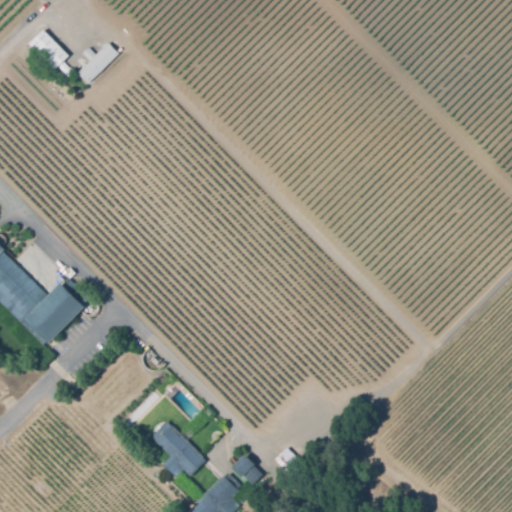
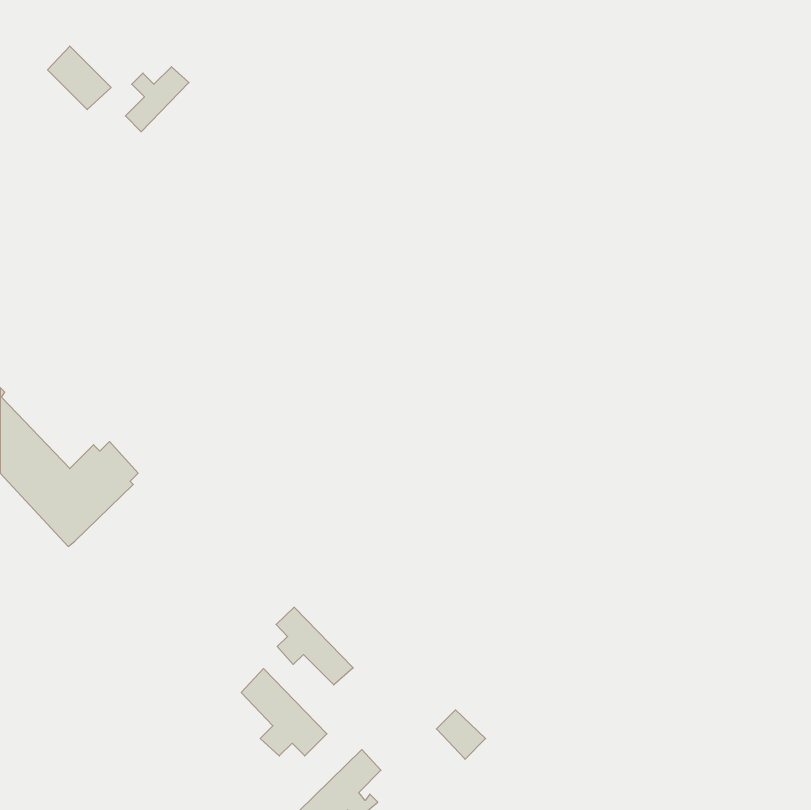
building: none -> [276,607,353,685]
building: [232,454,261,484] -> none

